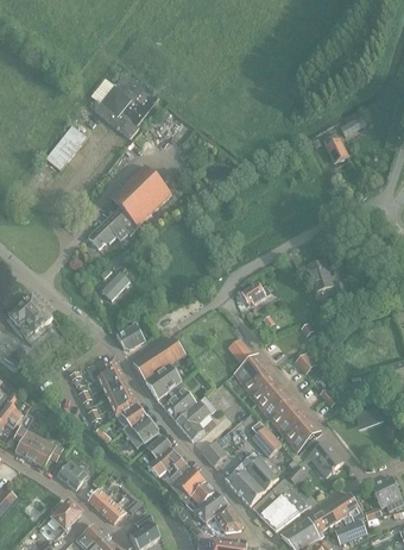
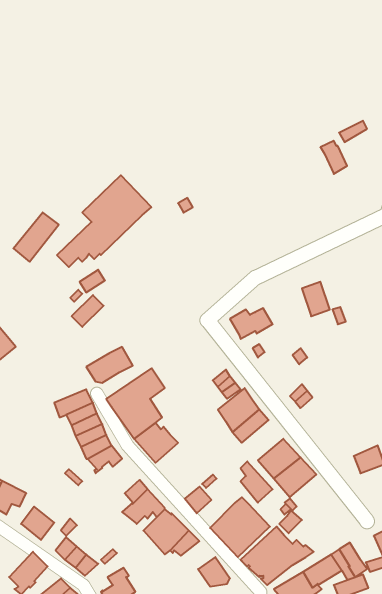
building: [94,71,157,137] -> none
building: [45,124,86,168] -> [13,212,59,262]
building: [253,383,290,419] -> none
building: [175,396,215,442] -> none
building: [122,418,158,449] -> none
building: [308,443,341,476] -> none
building: [192,492,229,523] -> none

